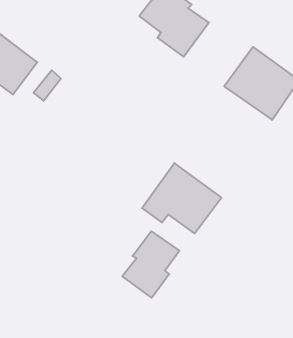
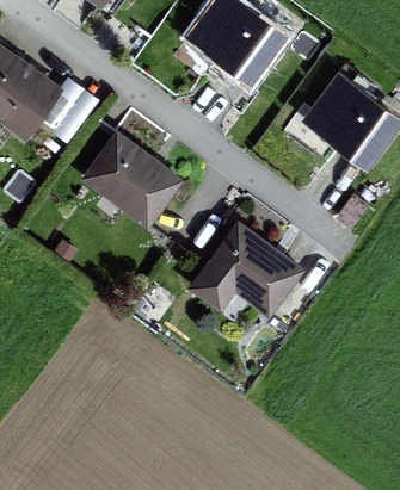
building: none -> [86,134,181,224]
building: [122,231,179,298] -> none

